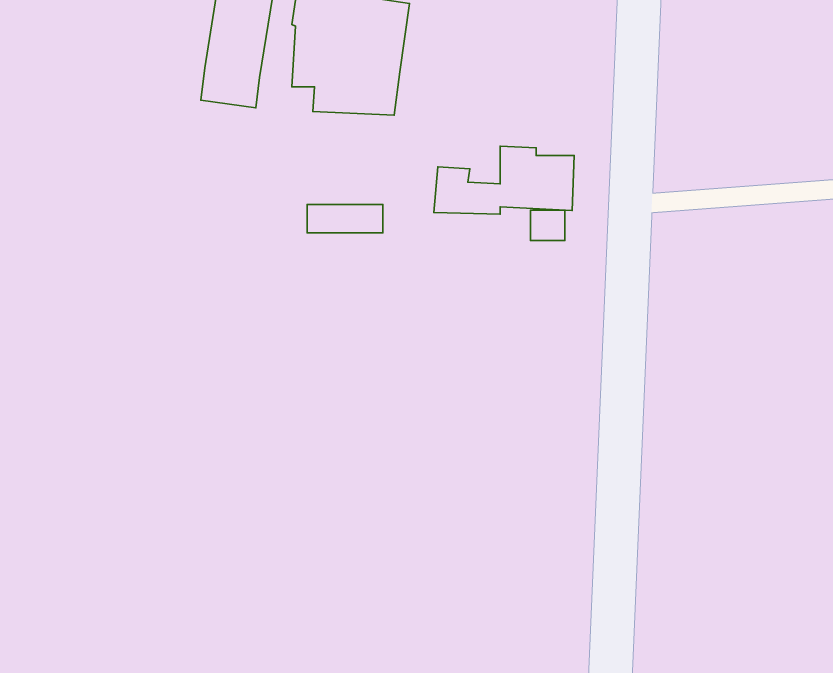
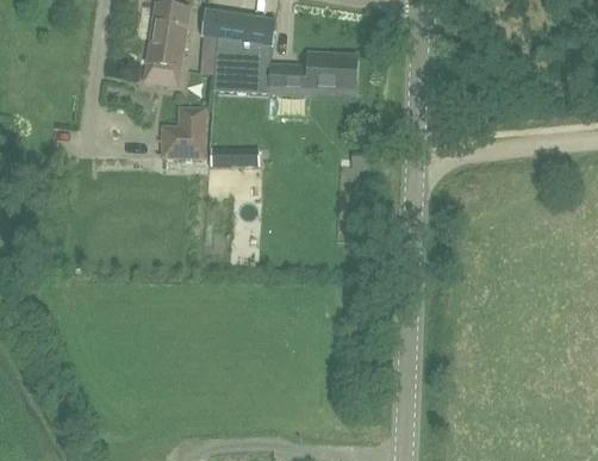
building: none -> [163,107,204,155]
building: [434,146,574,214] -> [267,50,355,93]

